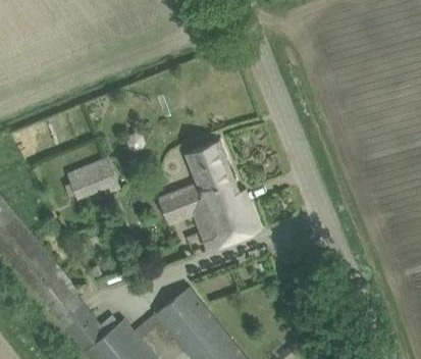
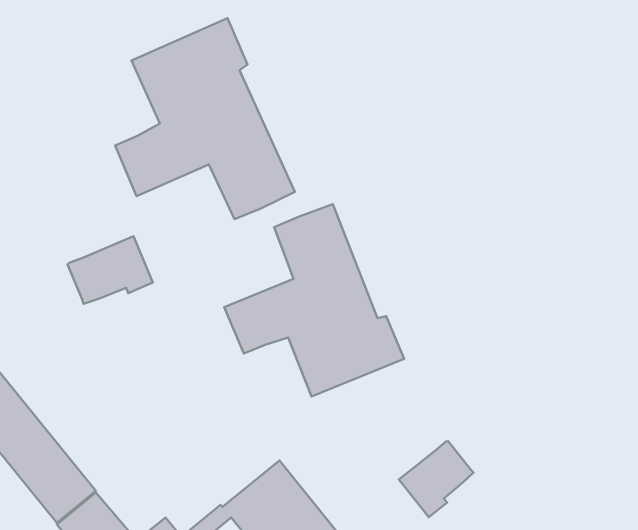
building: none -> [115,18,295,219]
building: none -> [399,441,474,517]

